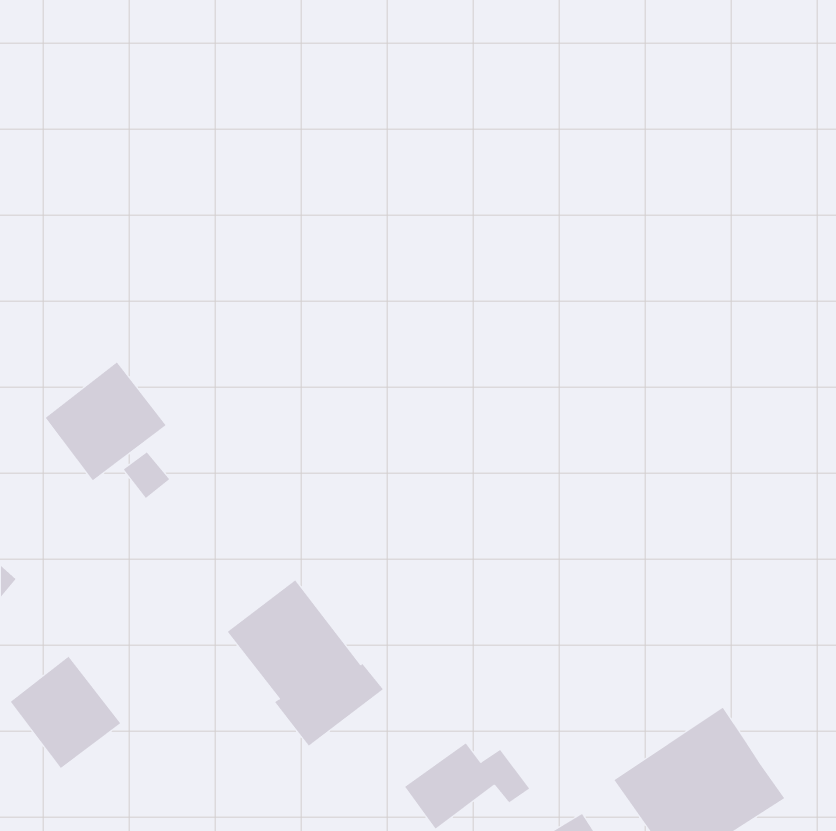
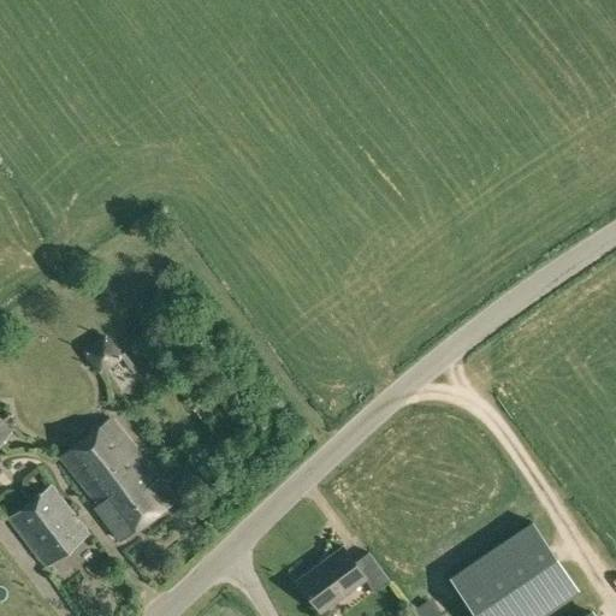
building: [45,362,166,481] -> none
building: [227,580,384,746] -> [59,420,174,543]

